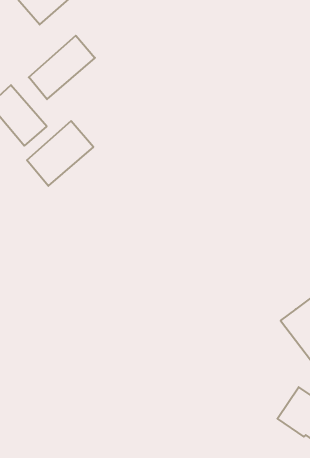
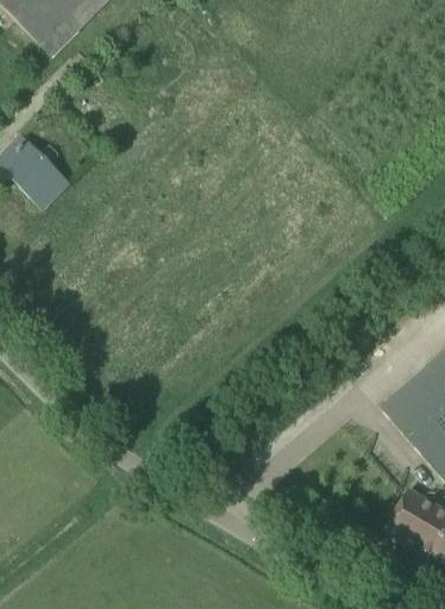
building: [29,36,95,99] -> none
building: [27,121,93,186] -> none

